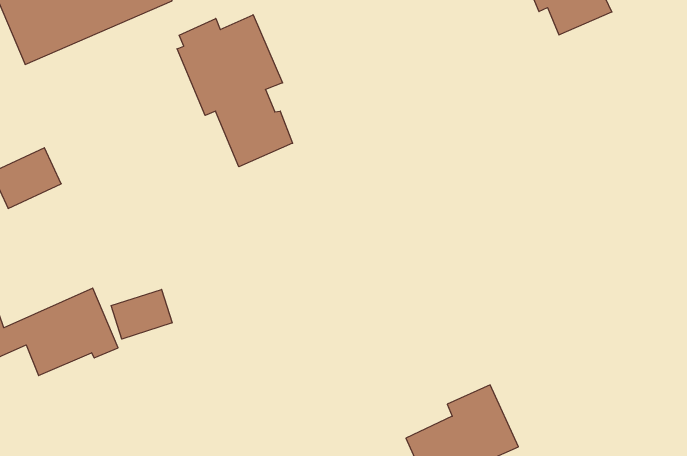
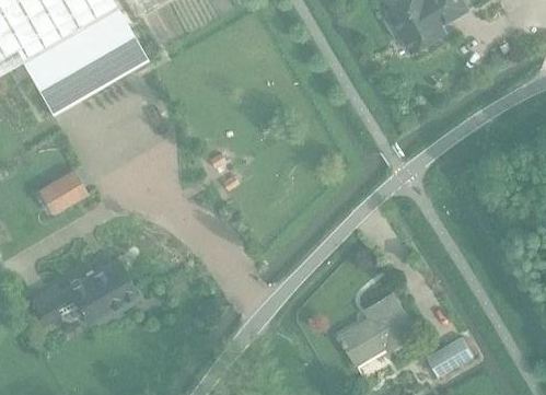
building: [177,15,293,167] -> none
building: [111,289,172,339] -> none

